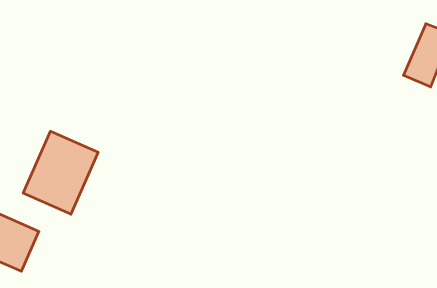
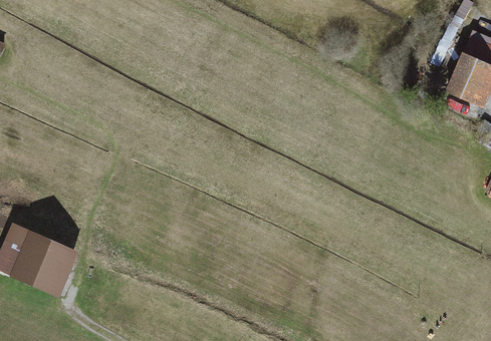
building: [23,131,98,214] -> none

